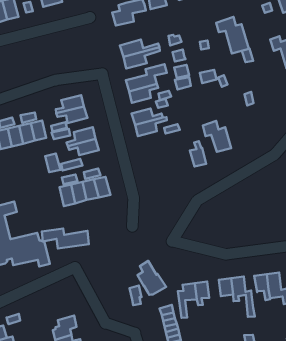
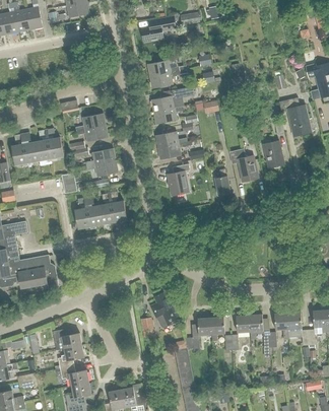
building: [216,17,249,54] -> [278,96,311,135]
building: none -> [262,139,283,167]
building: none -> [167,163,190,195]
building: [42,228,89,249] -> none
building: none -> [52,328,81,349]

